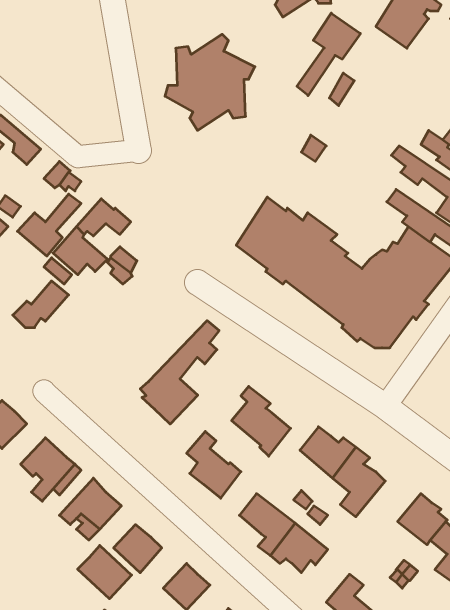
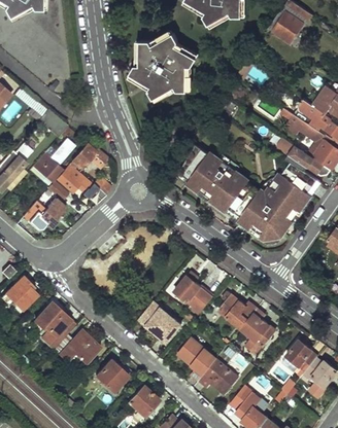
building: [297,13,360,96] -> none
building: [140,321,219,424] -> none
building: [78,545,132,599] -> none

